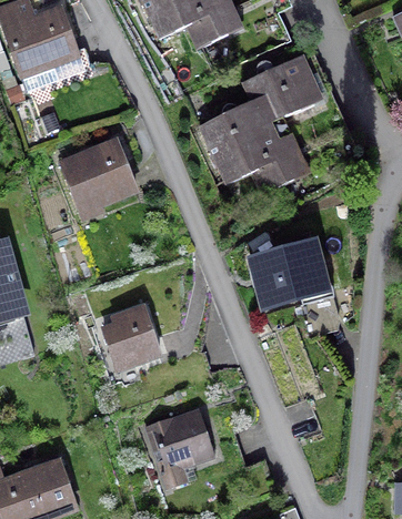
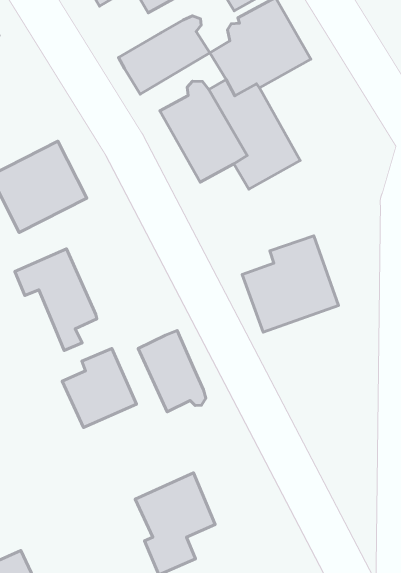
building: none -> [118,16,210,94]
building: none -> [15,249,97,351]
building: none -> [138,331,206,412]

